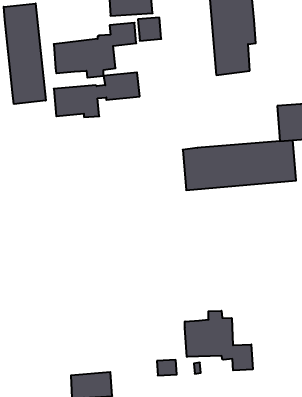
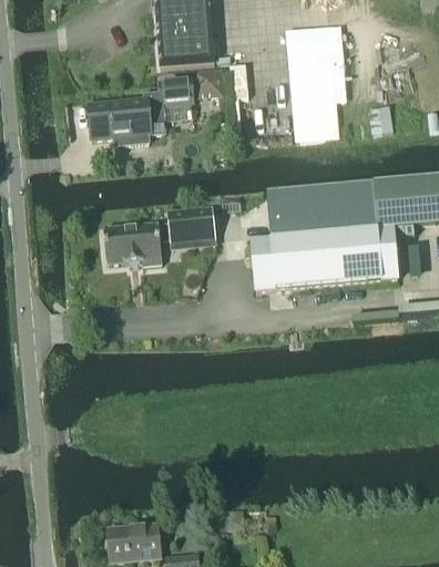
building: [4,3,46,104] -> none
building: [54,72,140,117] -> [103,205,214,262]
building: none -> [267,181,377,235]
building: [185,311,253,370] -> none

